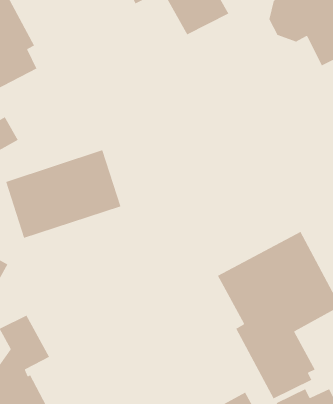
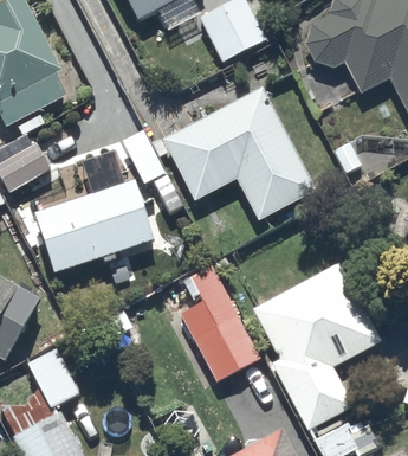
building: none -> [162,88,313,220]
building: none -> [181,265,260,381]

